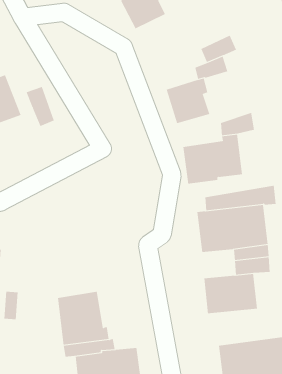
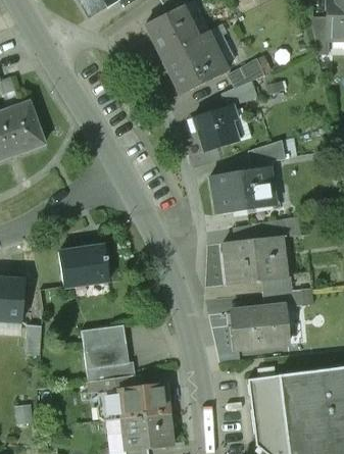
building: none -> [161,31,228,94]
building: [26,86,55,127] -> none
building: none -> [58,244,108,287]

